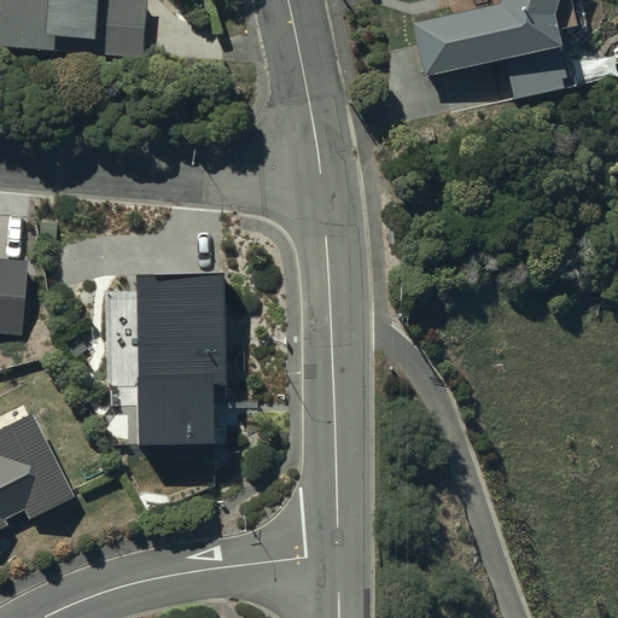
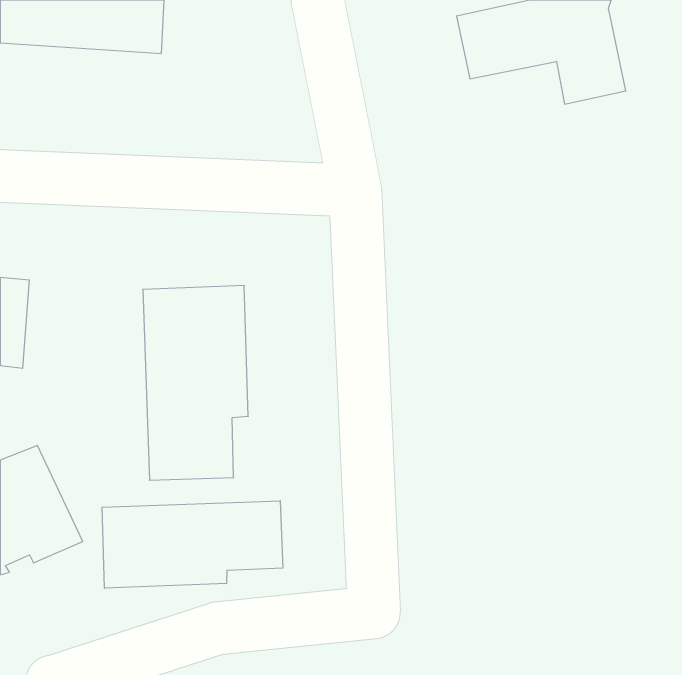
building: none -> [102,501,283,588]

